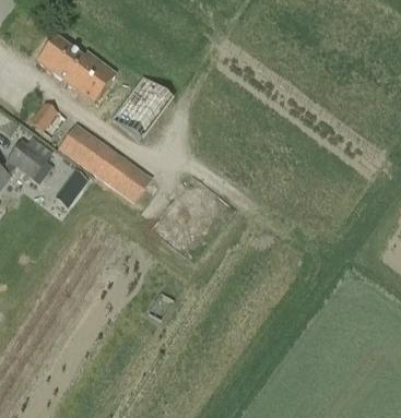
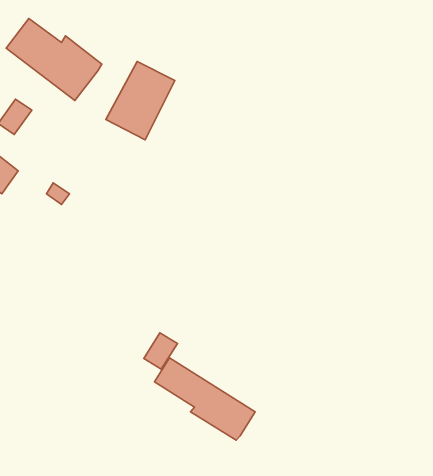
building: [59,123,152,202] -> none
building: none -> [154,358,255,440]

